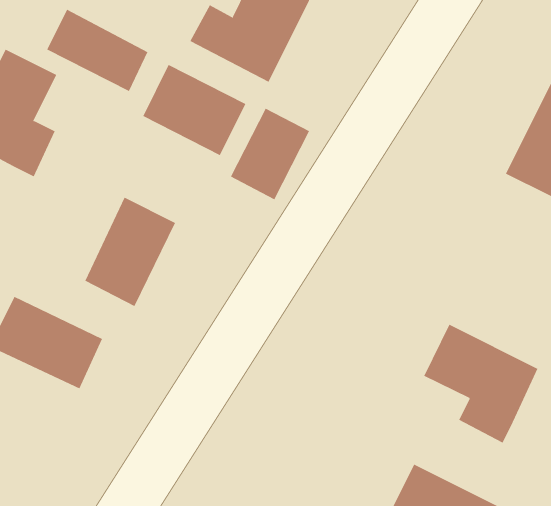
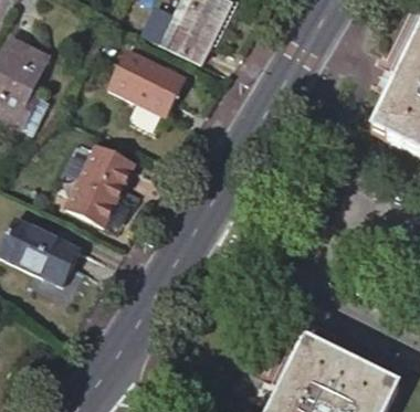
building: [46,9,148,92] -> none
building: [230,108,310,200] -> none
building: [424,324,538,444] -> none

